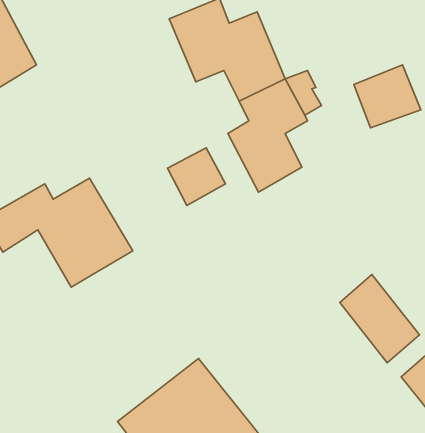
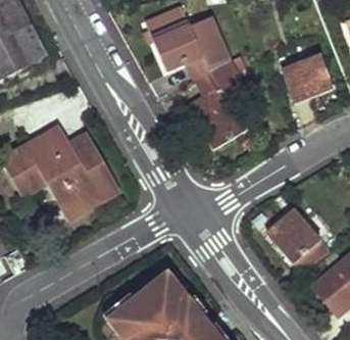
building: [168,148,225,206] -> none

